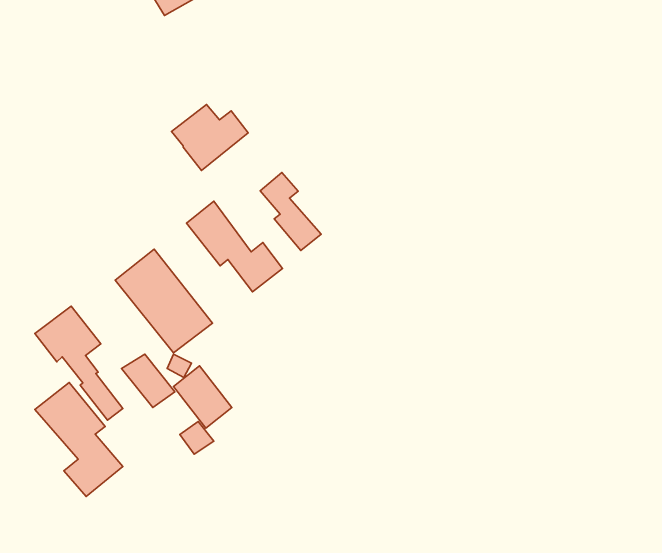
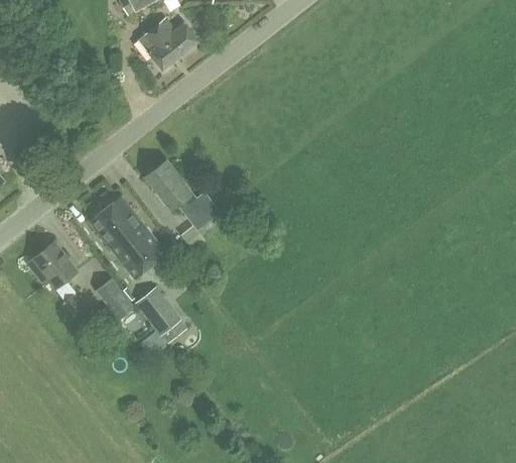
building: [172,104,248,171] -> [139,17,199,69]
building: [260,173,321,251] -> none
building: [35,382,123,496] -> none

